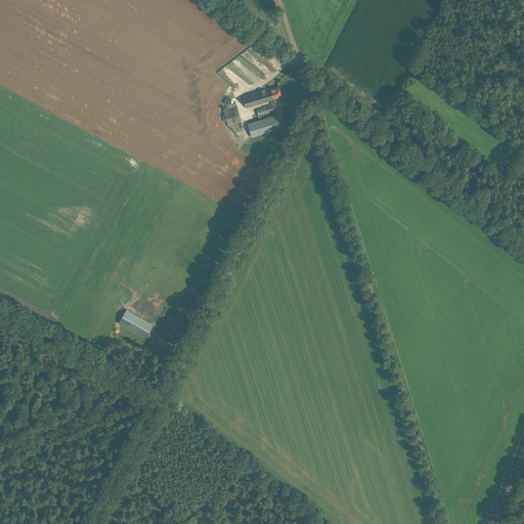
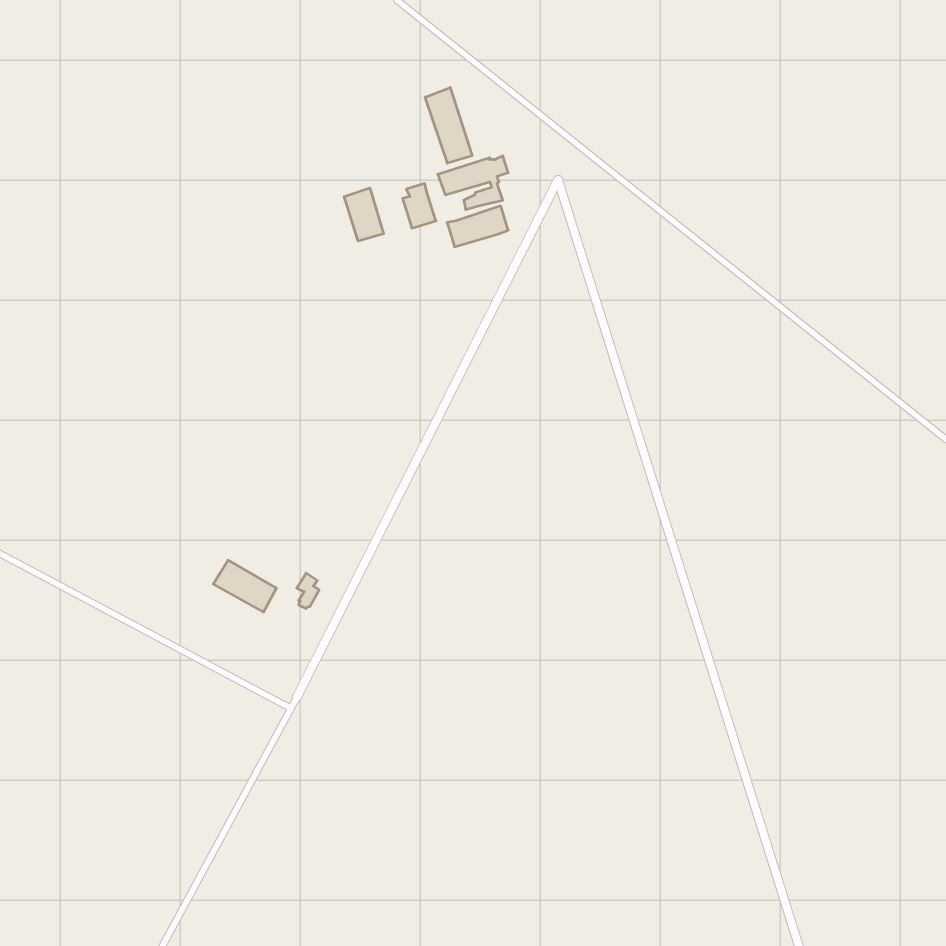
building: none -> [425,87,472,163]
building: none -> [344,188,384,241]

